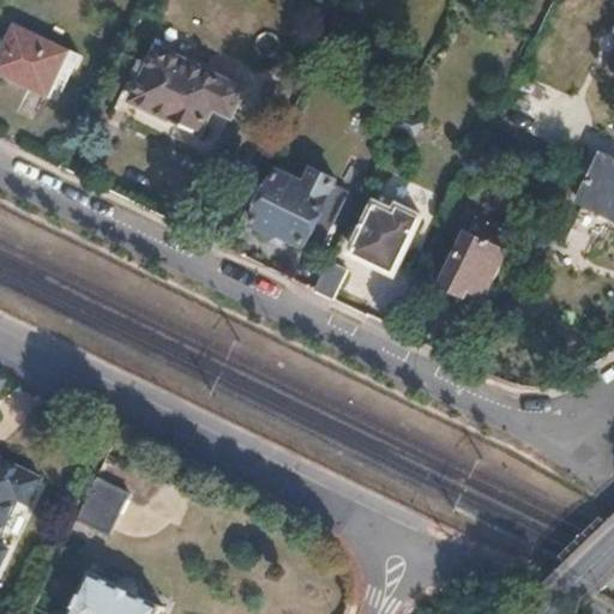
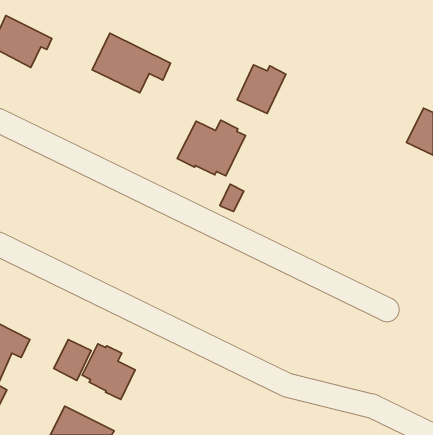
building: [350,201,419,270] -> [237,65,286,113]
building: [440,217,508,300] -> none
building: none -> [82,344,135,400]

